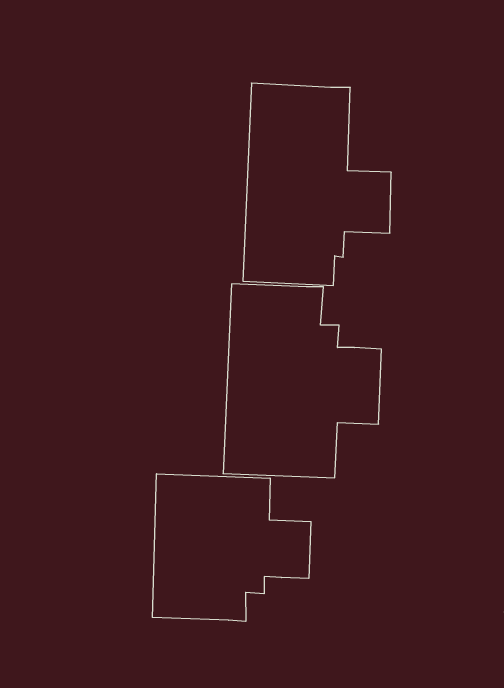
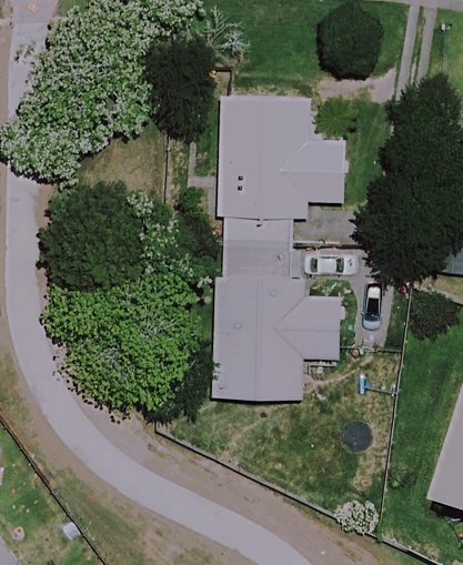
building: [152,474,311,621] -> none

